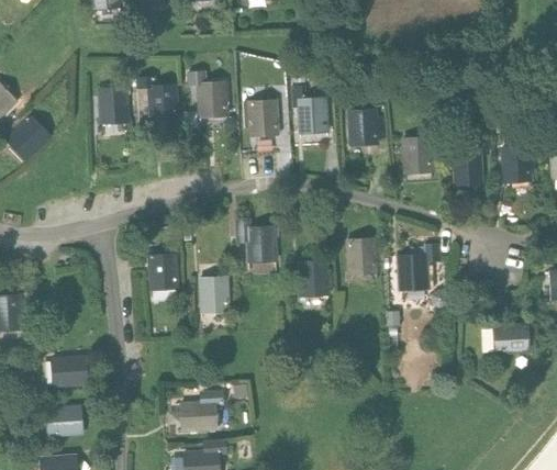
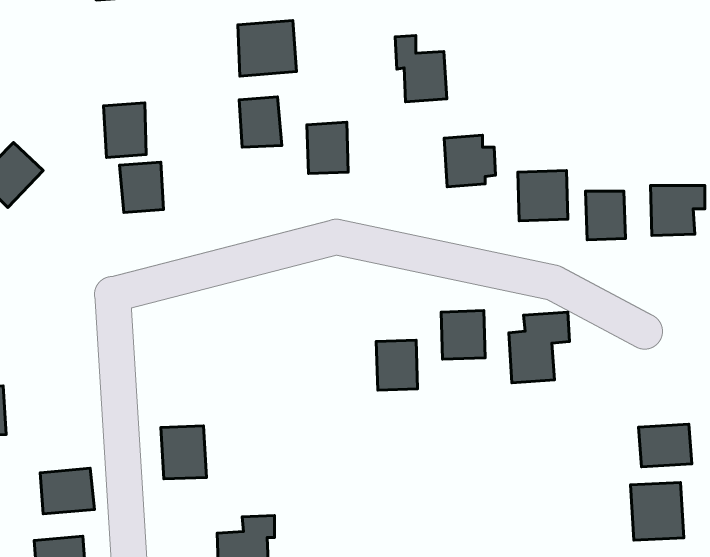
building: none -> [238,20,297,76]
building: [144,82,177,120] -> [119,162,164,212]
building: [290,83,328,133] -> [395,35,447,102]
building: [234,219,277,264] -> none
building: [145,253,179,292] -> [161,426,206,479]
building: [197,277,230,315] -> none
building: none -> [631,482,684,540]

